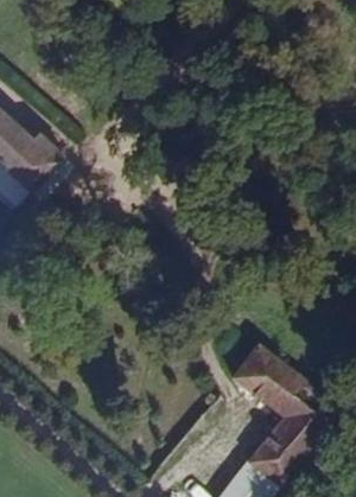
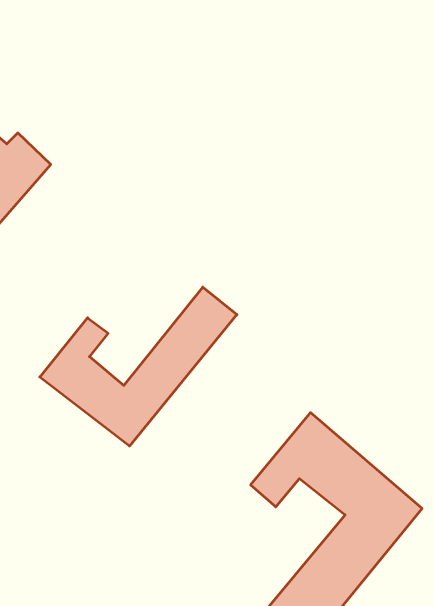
building: none -> [40,287,237,446]

